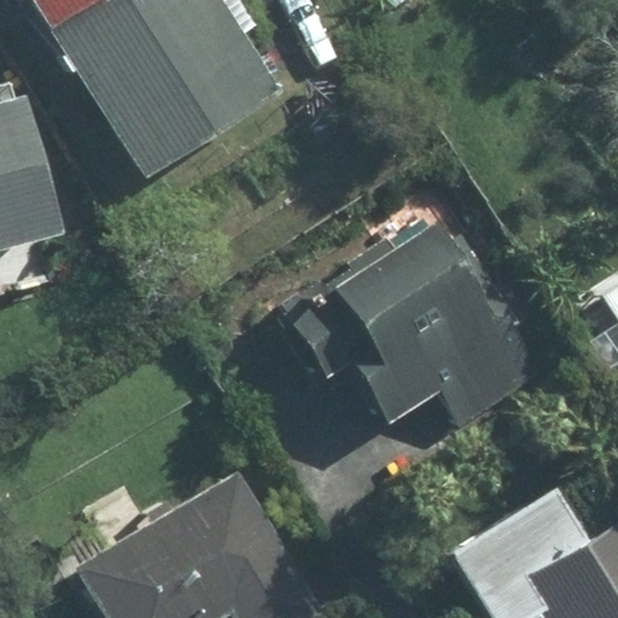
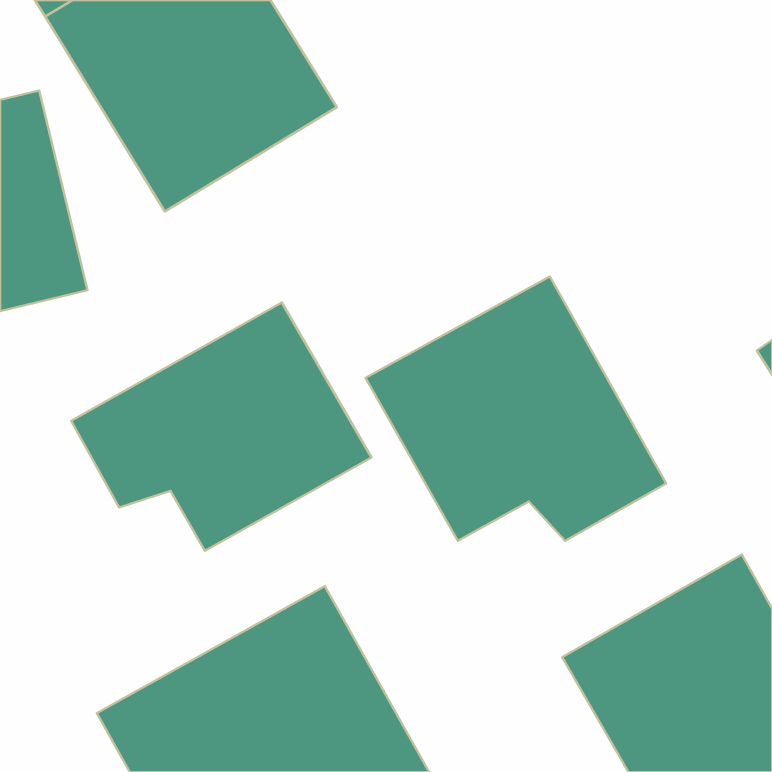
building: none -> [71,302,372,551]

